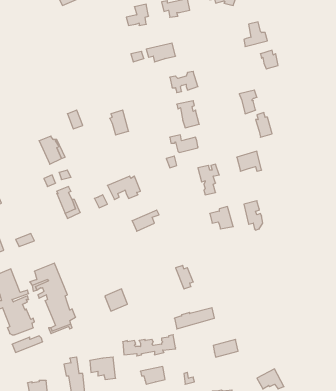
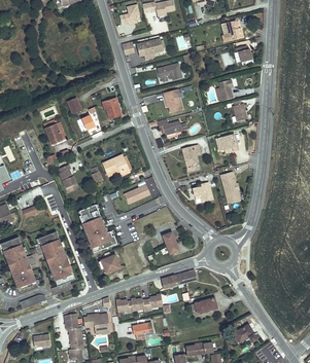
building: none -> [78,205,116,253]

